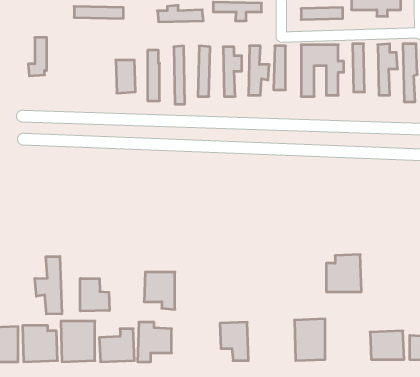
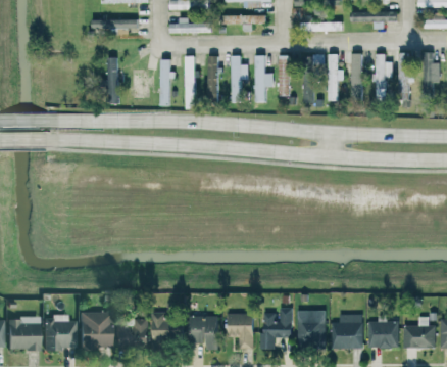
building: [28,38,47,76] -> [101,57,118,93]
building: [326,255,361,292] -> [331,314,363,349]
building: [35,256,62,314] -> none
building: [144,272,175,309] -> [190,316,218,351]
building: [80,278,109,311] -> none
building: none -> [262,308,292,349]

